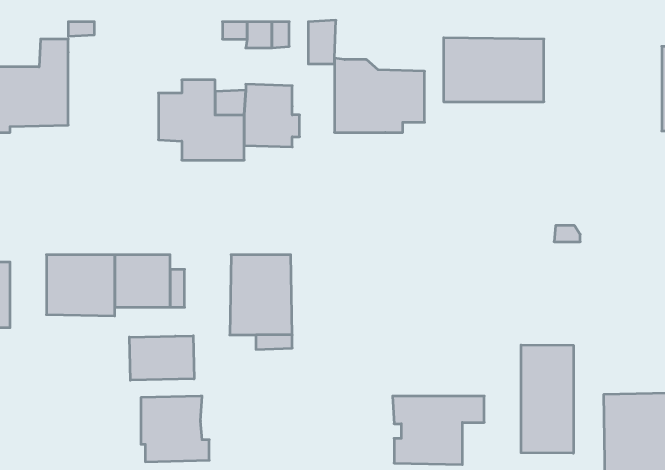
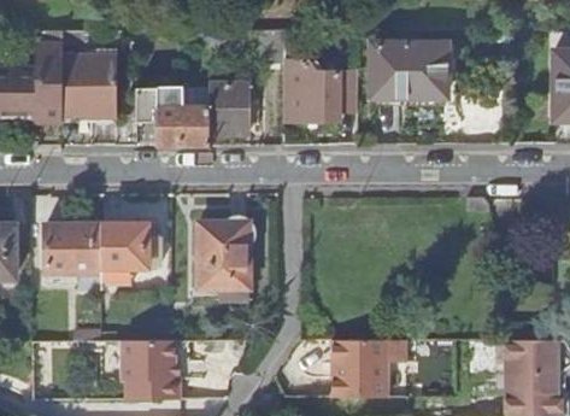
building: none -> [61,55,116,116]
building: [129,336,194,380] -> none
building: [521,345,573,453] -> none

